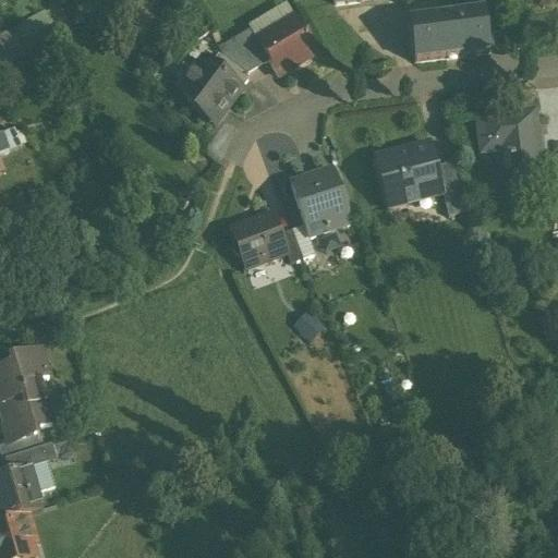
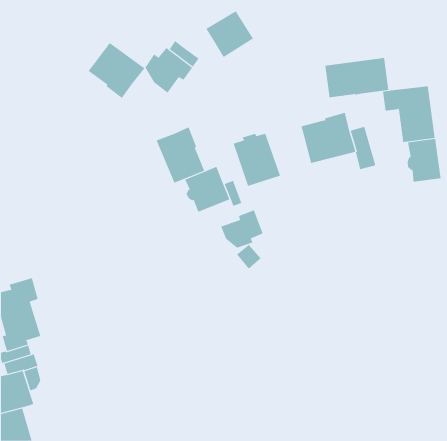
building: [409,7,489,57] -> [324,58,389,98]
building: [220,28,268,70] -> none
building: none -> [87,42,145,99]
building: none -> [156,127,207,184]
building: none -> [407,138,441,183]
building: none -> [221,210,263,249]

